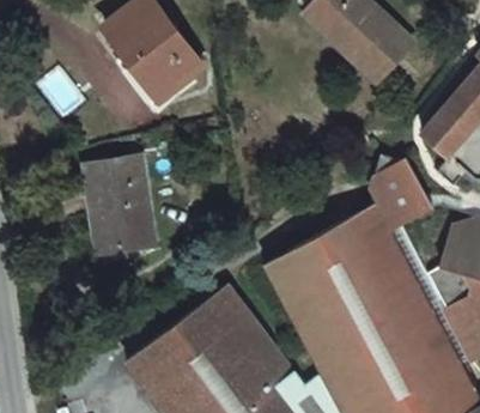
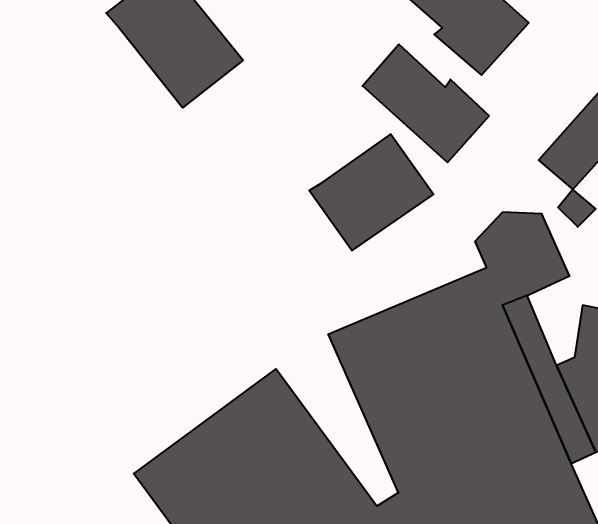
building: none -> [362,44,489,162]
building: none -> [309,134,433,251]
building: [86,158,152,248] -> none

